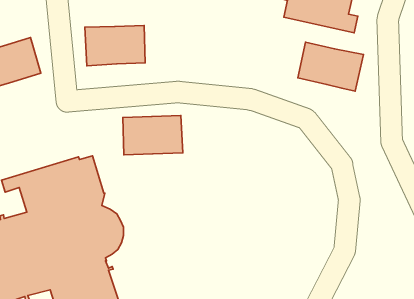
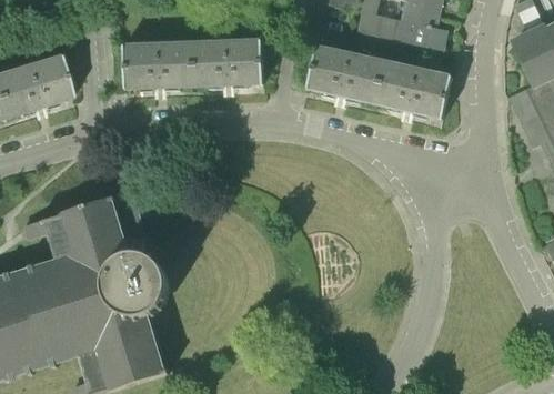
building: none -> [308,46,384,103]
building: [123,115,183,155] -> [193,39,264,85]

